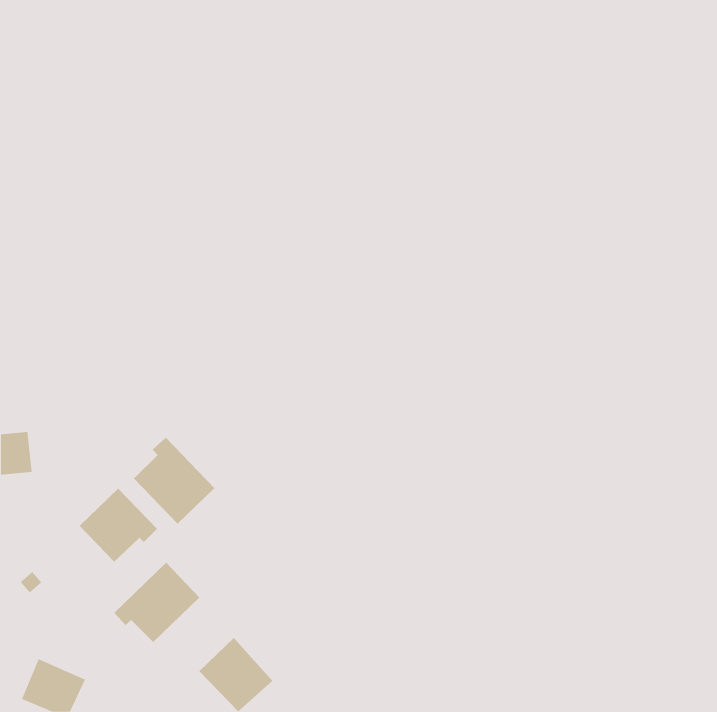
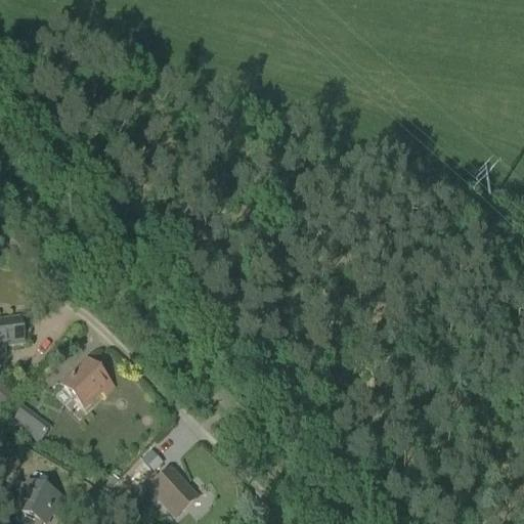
building: [133,437,215,524] -> none
building: [113,562,200,643] -> none

